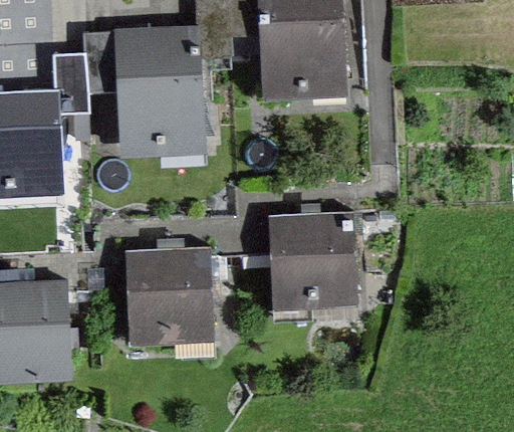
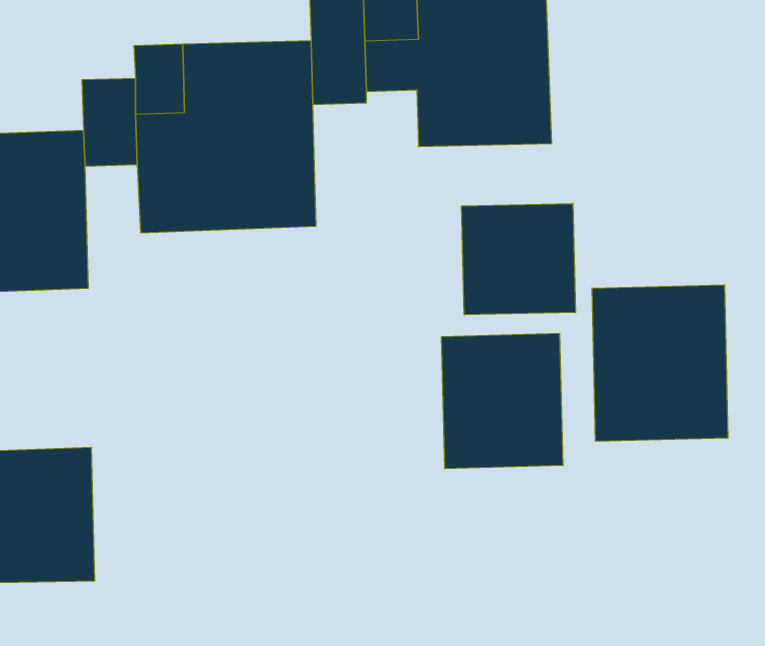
building: none -> [462,203,576,315]
building: none -> [592,285,728,441]
building: [134,251,209,335] -> none

